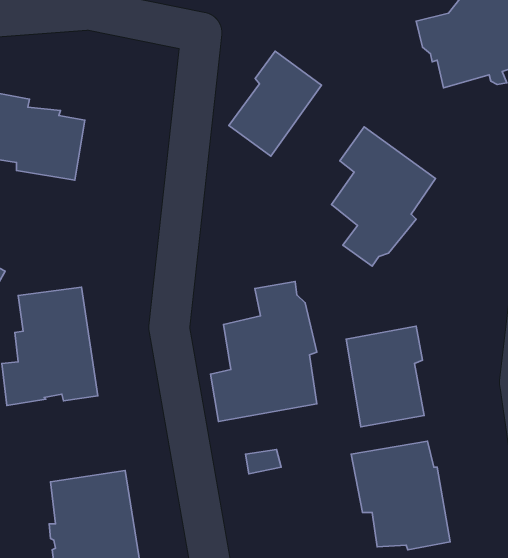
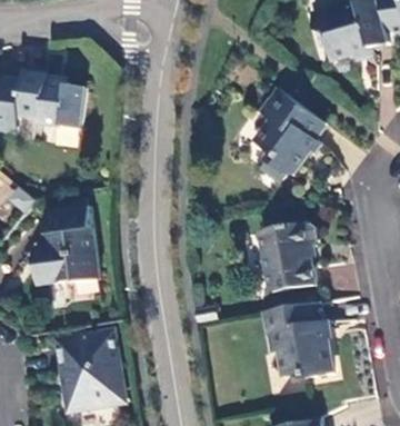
building: [229,51,321,156] -> none
building: [210,281,317,422] -> none

